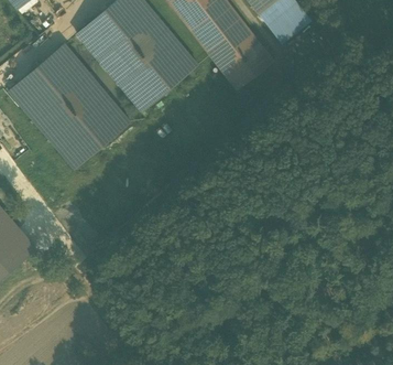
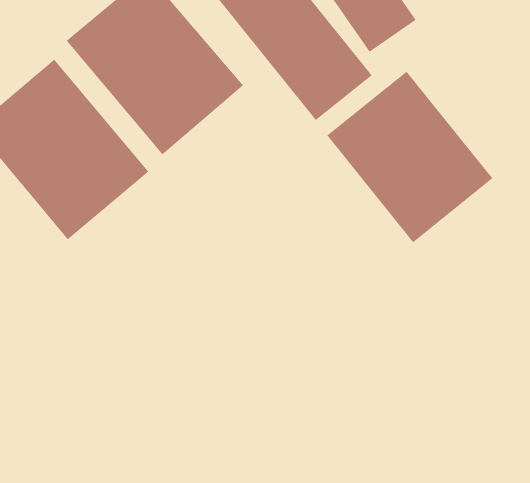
building: none -> [326,71,493,243]

